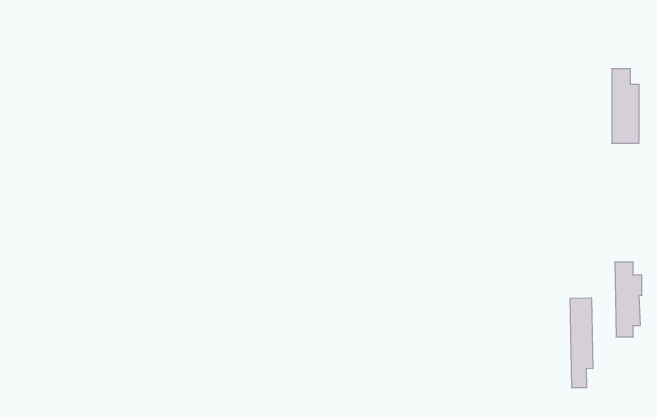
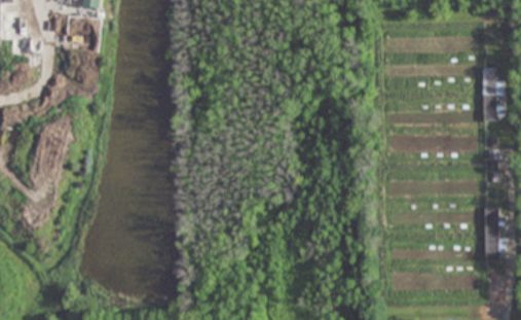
building: [570,298,593,388] -> none

